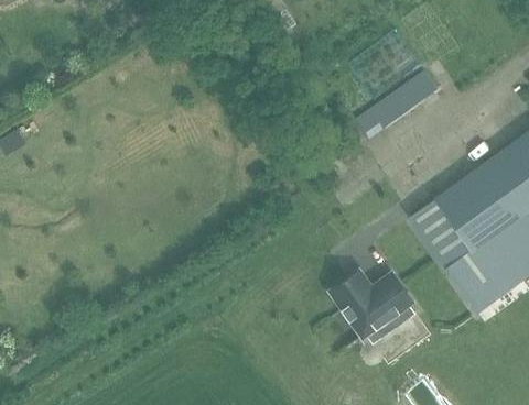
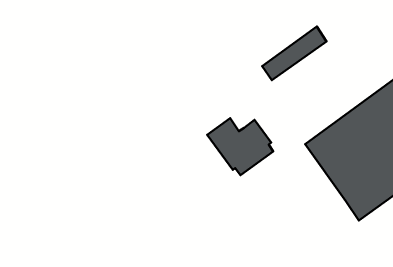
building: [332,273,414,344] -> [207,118,273,175]

